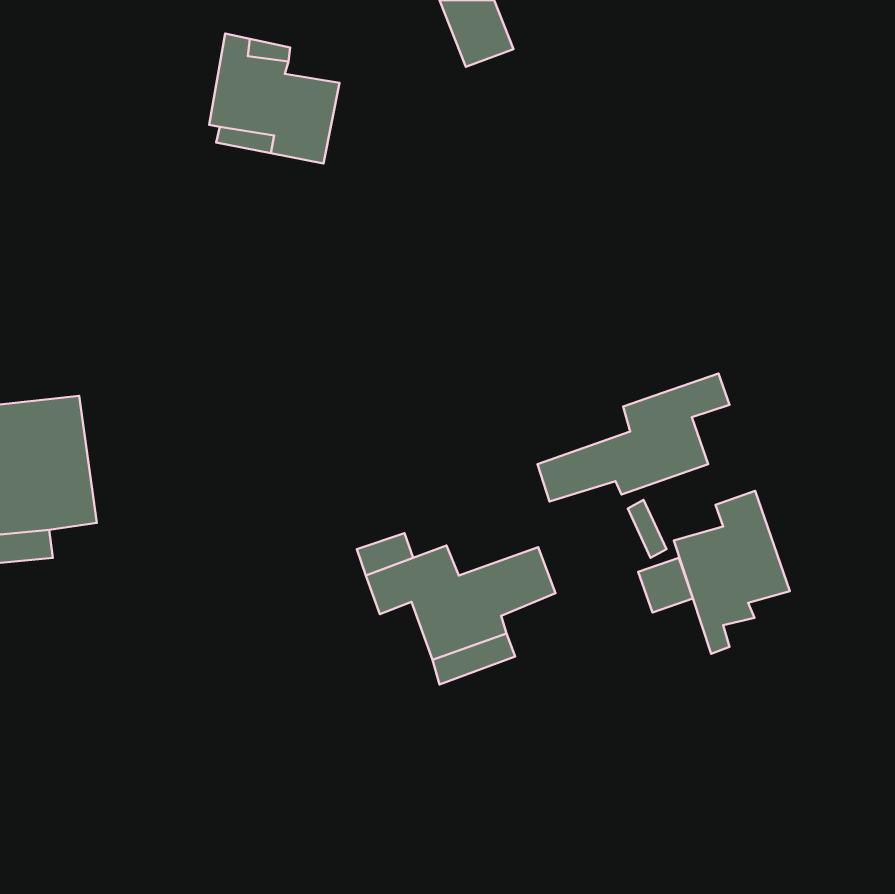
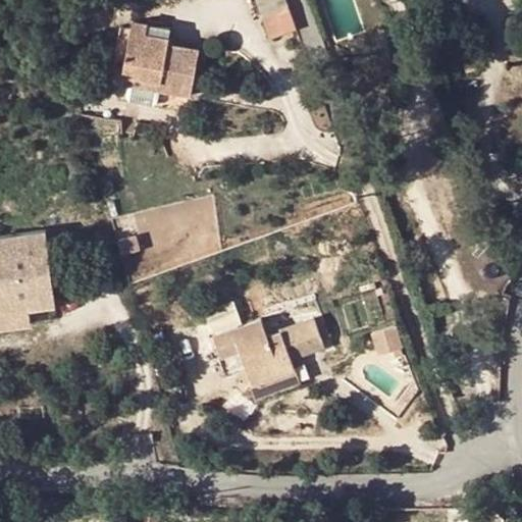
building: [538,374,729,502] -> none
building: [674,491,790,654] -> none

